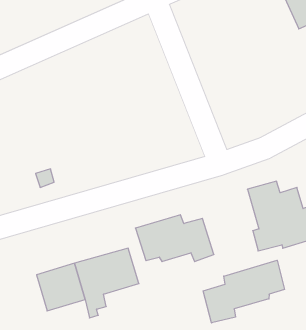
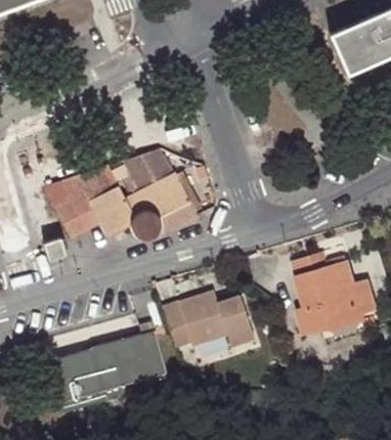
building: none -> [58,149,198,239]
building: [203,260,285,323] -> none

